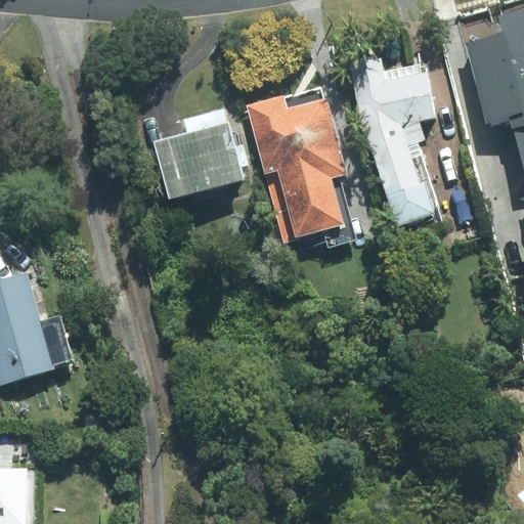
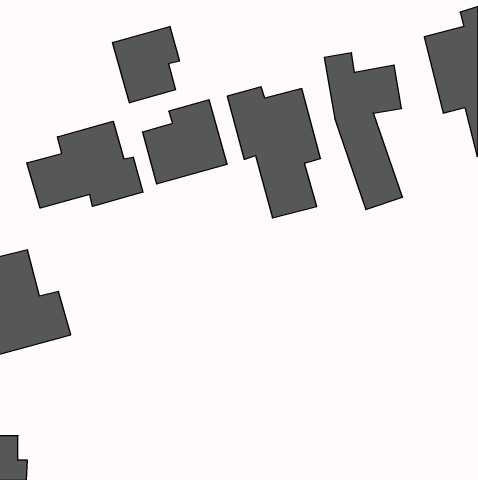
building: none -> [113,26,180,103]
building: none -> [27,121,143,208]

